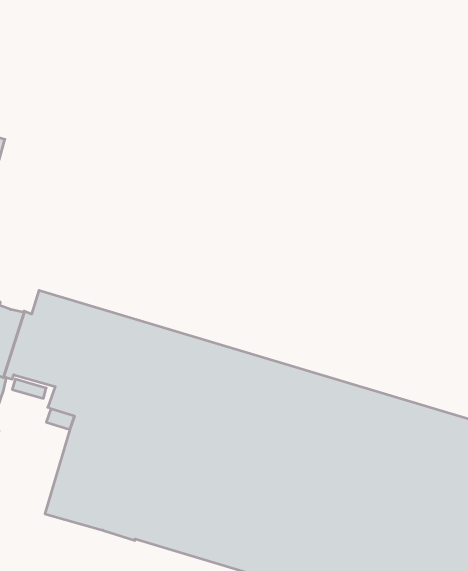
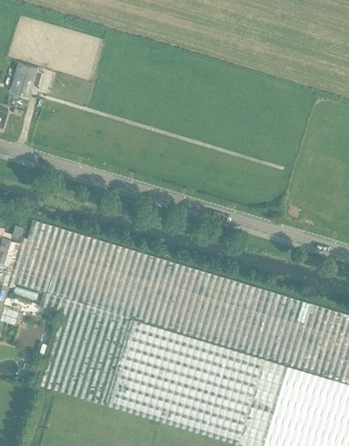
building: none -> [10,63,37,98]

